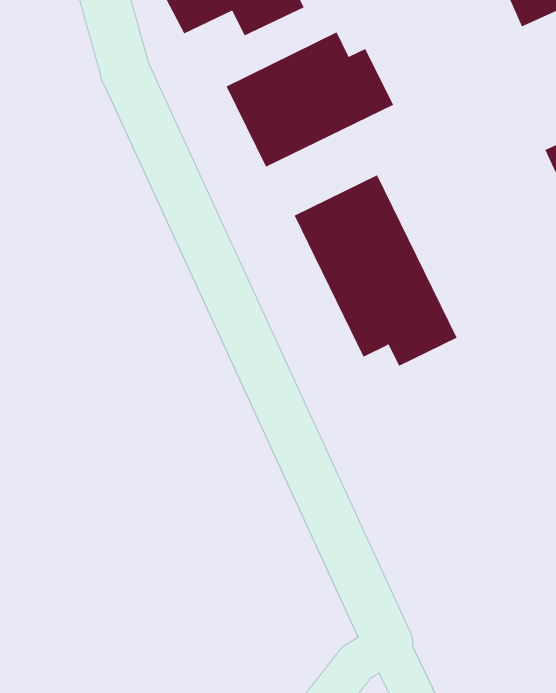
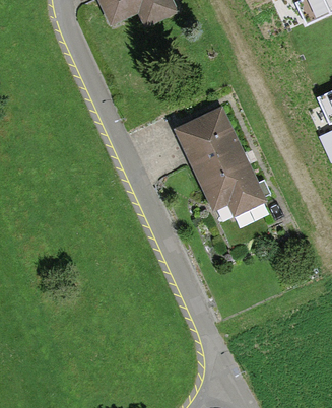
building: [226,32,394,168] -> none

